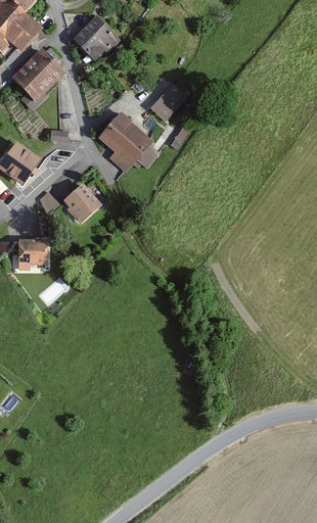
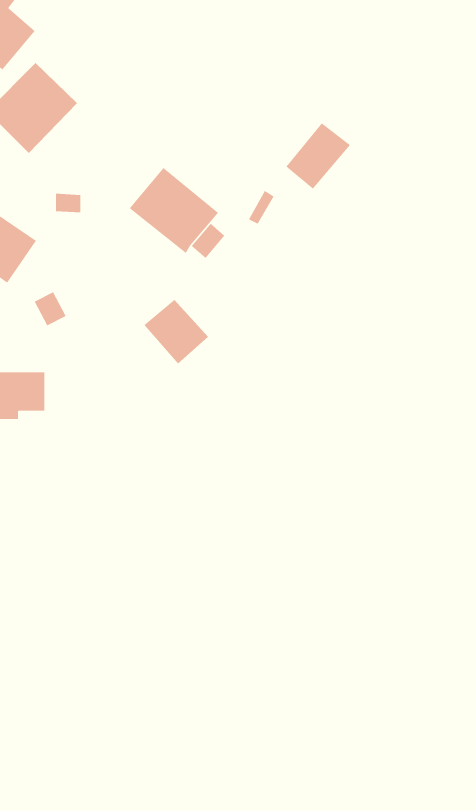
building: [71,13,124,61] -> none
building: [148,84,189,126] -> [285,122,351,190]
building: [61,183,102,224] -> [143,299,209,365]

